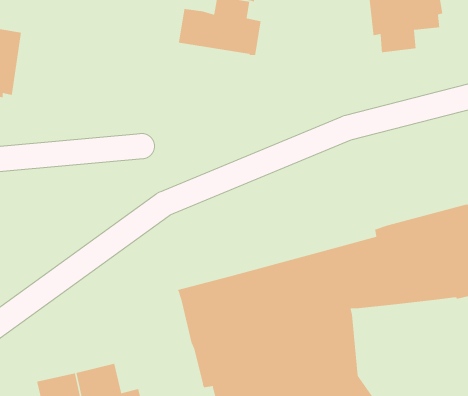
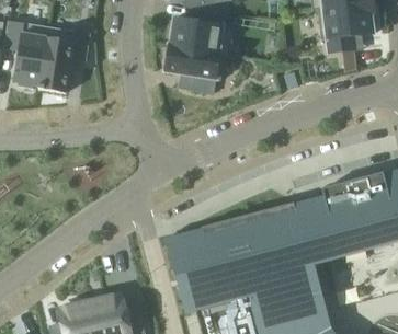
building: none -> [41,28,90,91]
building: none -> [166,43,225,92]

